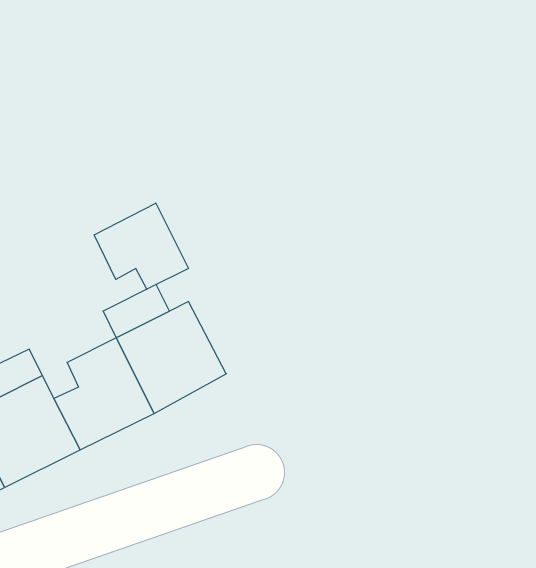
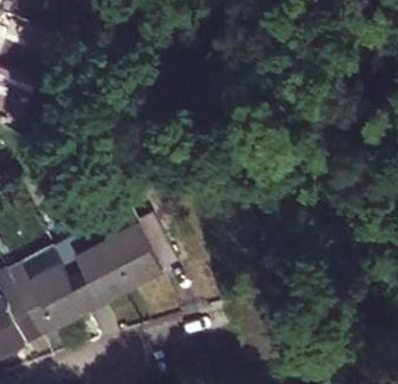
building: [94,203,188,289] -> none

